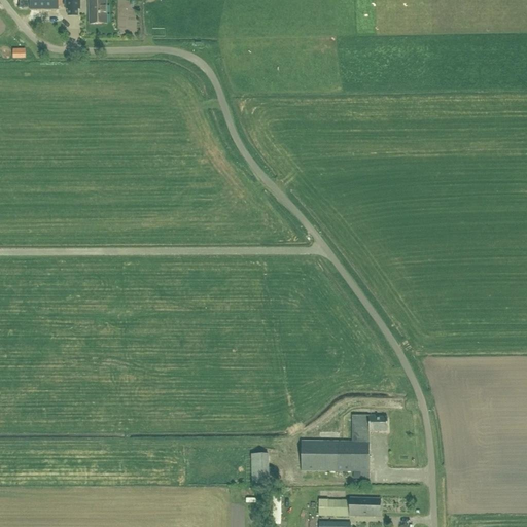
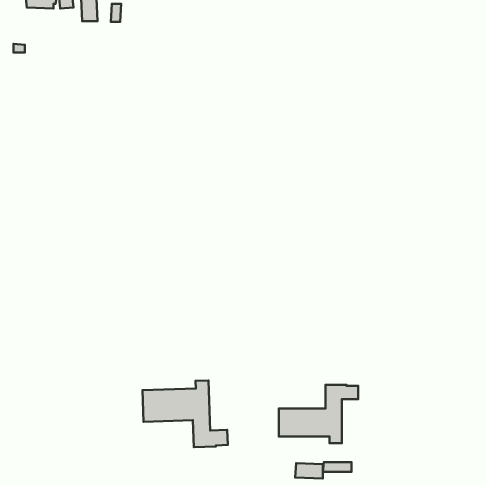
building: none -> [143,380,228,447]
building: [249,453,274,483] -> none

